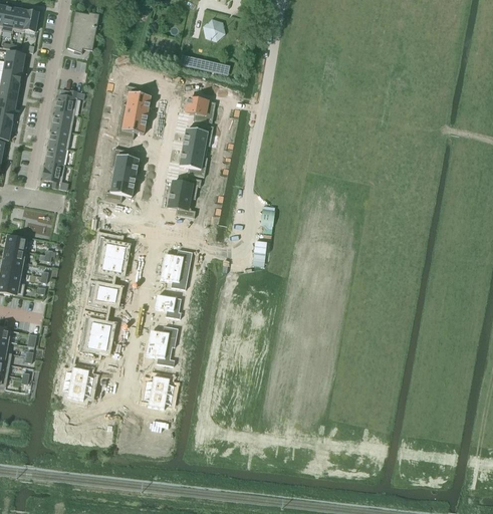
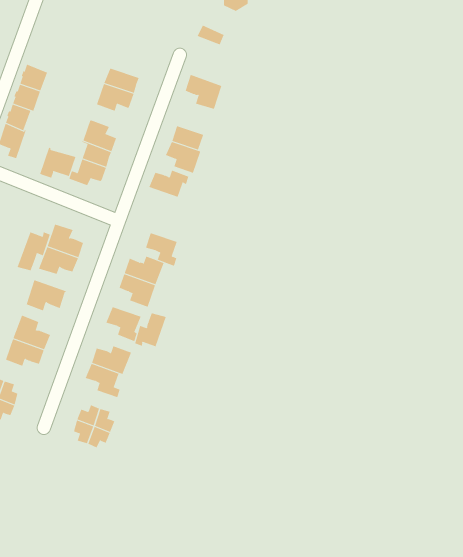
building: [122,83,150,106] -> none
building: [55,89,77,114] -> none
building: [184,122,213,144] -> none
building: none -> [40,147,76,179]
building: [168,193,195,217] -> [145,232,180,267]
building: none -> [17,231,51,271]
building: none -> [134,313,166,347]

